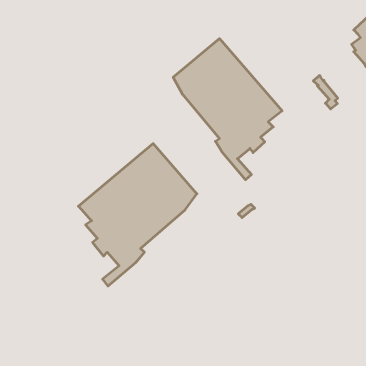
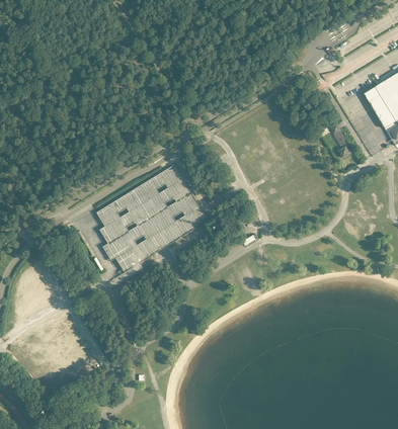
building: [173,39,282,180] -> none

